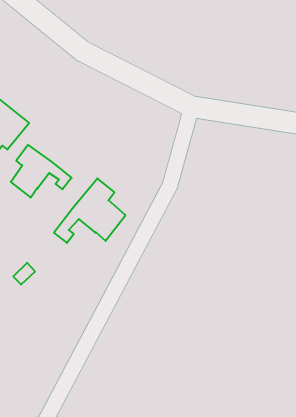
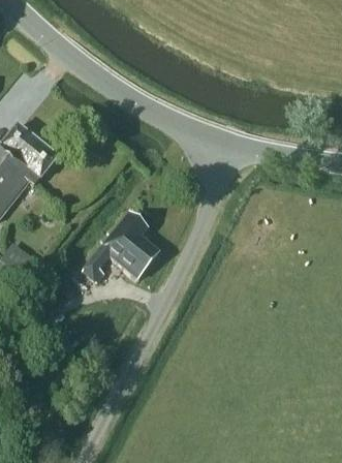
building: [11,145,72,198] -> none

